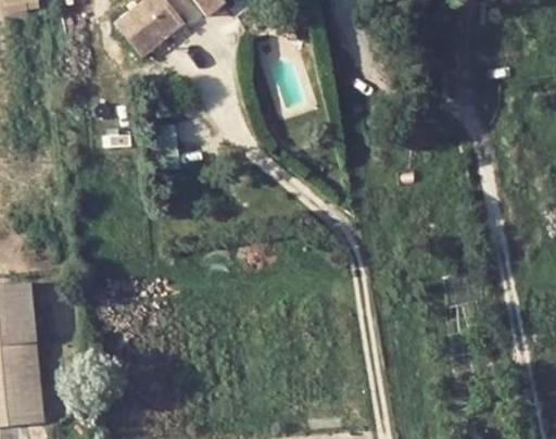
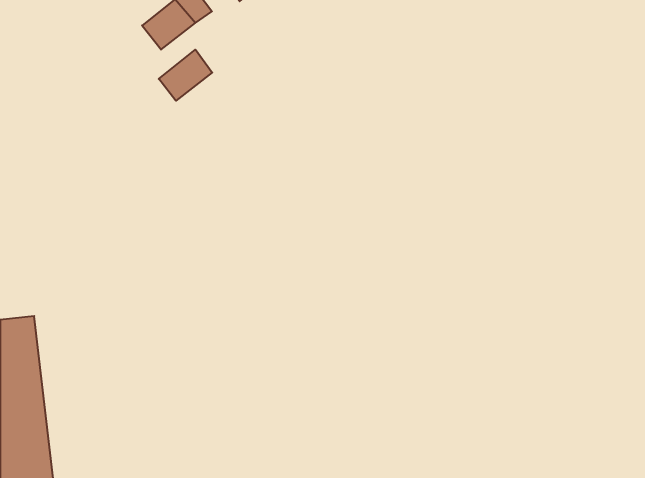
building: none -> [159,50,212,101]

